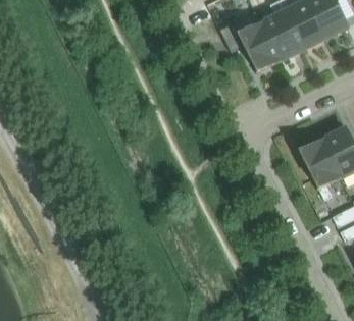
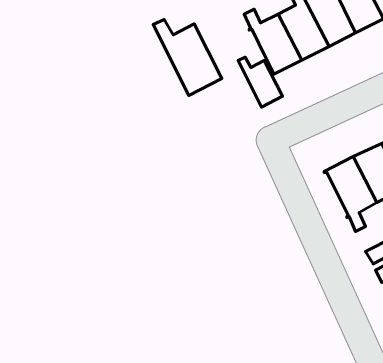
building: none -> [153,20,222,96]
building: none -> [238,57,282,107]

